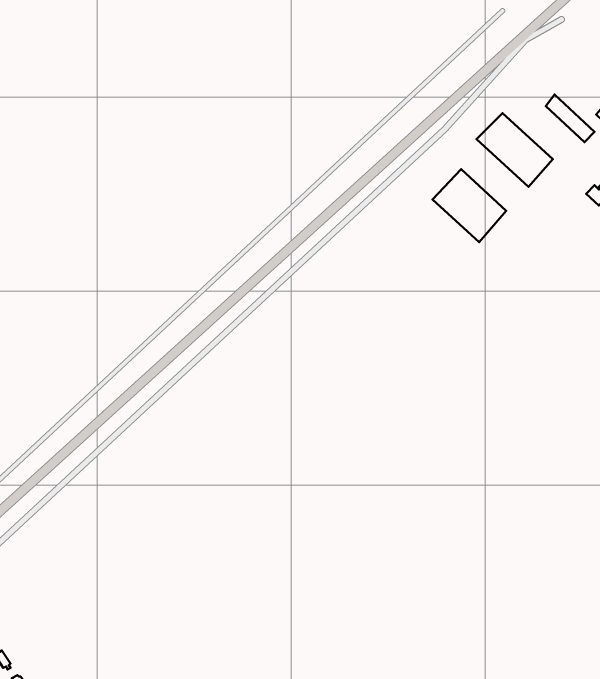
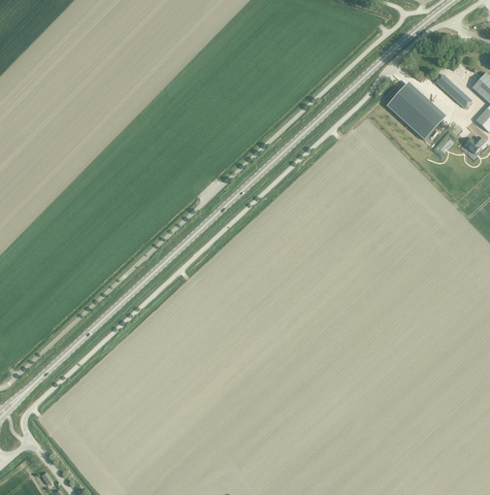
building: [433,169,506,242] -> none

